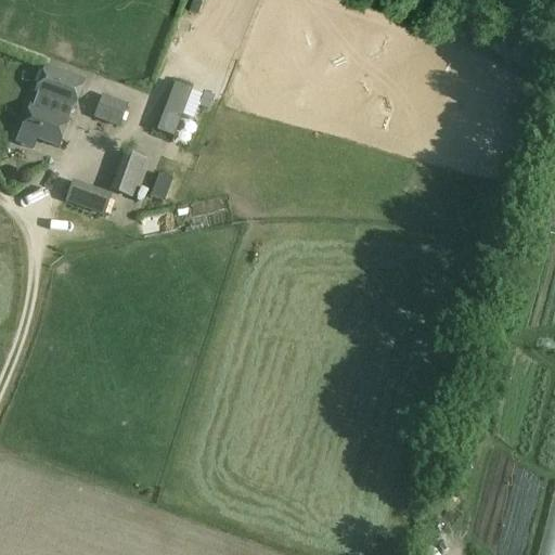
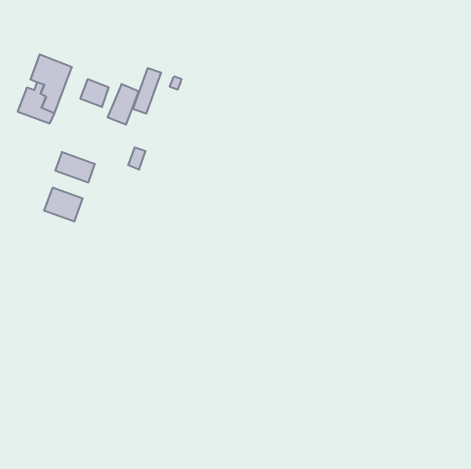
building: [109,151,146,198] -> [108,84,139,125]
building: none -> [44,188,83,222]

